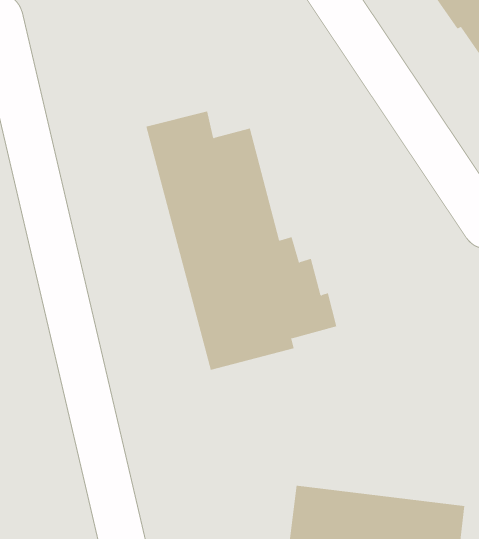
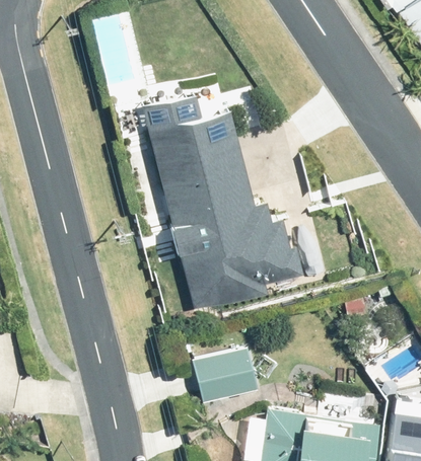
building: none -> [193,350,258,408]

